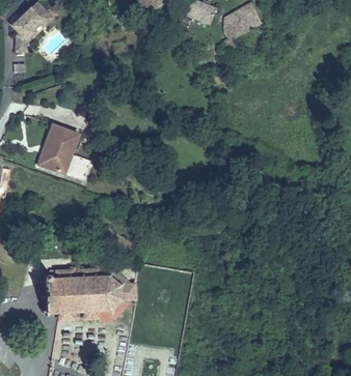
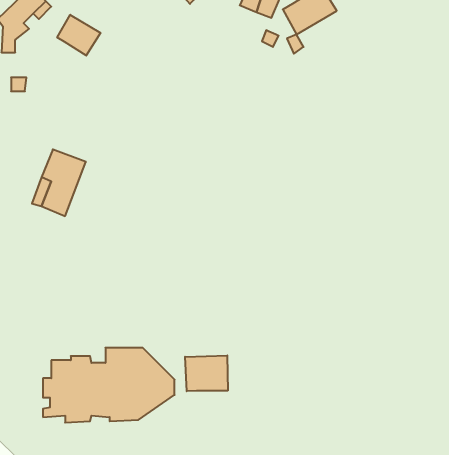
building: none -> [57,15,100,56]
building: none -> [185,355,228,391]

